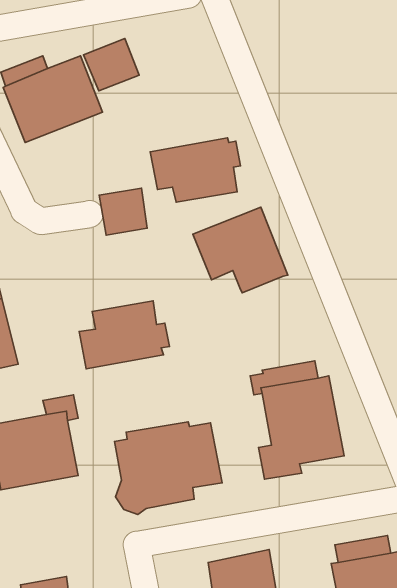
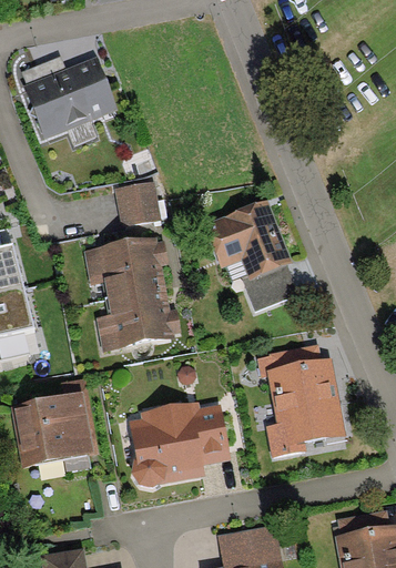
building: [84,38,139,91] -> none
building: [150,138,241,202] -> [82,237,167,298]
building: none -> [241,265,298,311]

